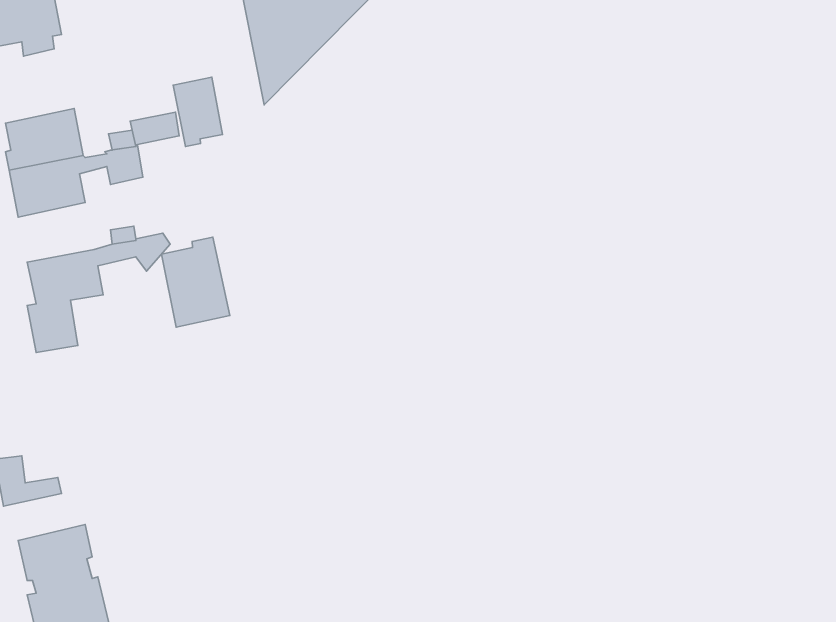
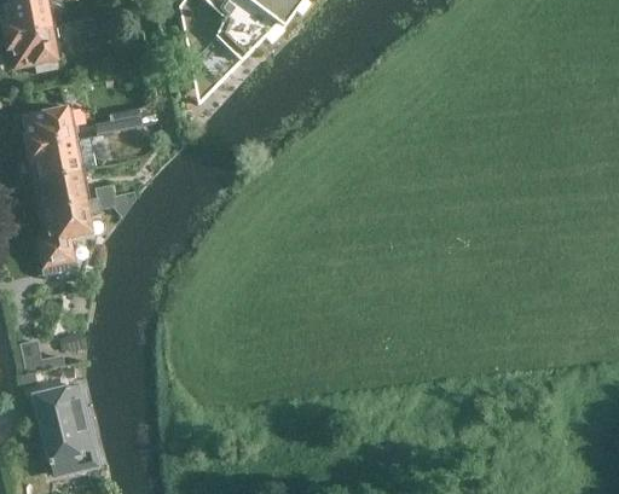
building: [173,77,222,146] -> none
building: none -> [35,169,86,209]
building: [161,237,230,327] -> none

